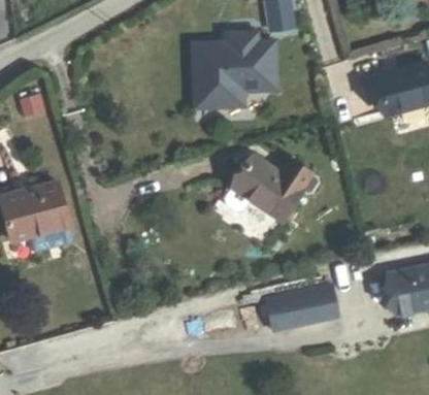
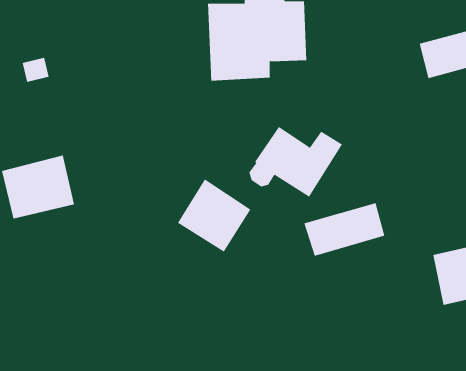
building: none -> [177,179,251,253]
building: [267,286,340,334] -> [304,202,385,256]

